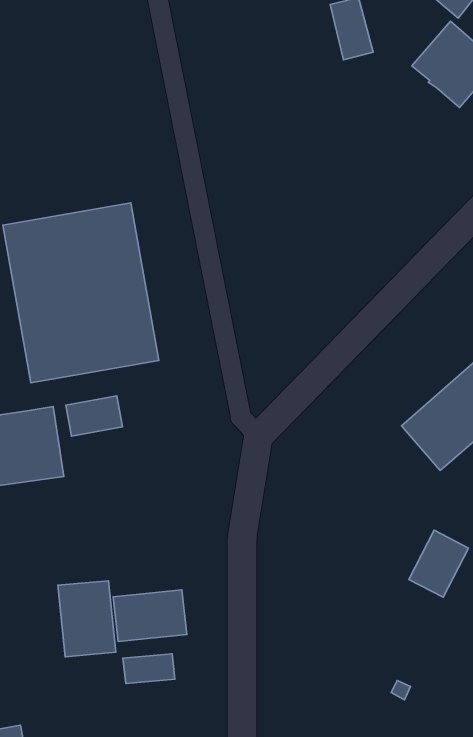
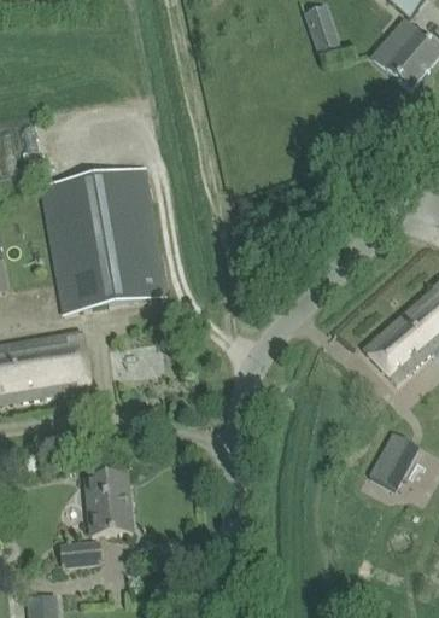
building: [66,396,123,436] -> none
building: [113,590,187,642] -> none
building: [123,654,175,684] -> [58,541,100,565]

